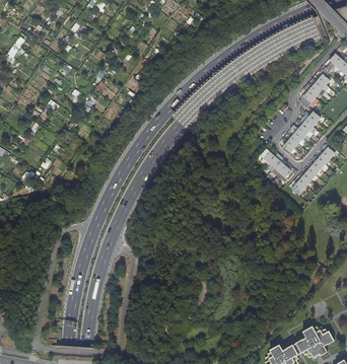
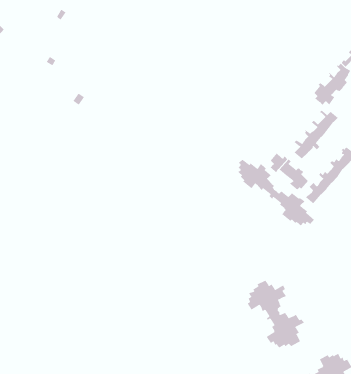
building: none -> [237,159,315,227]
building: none -> [247,280,305,349]

